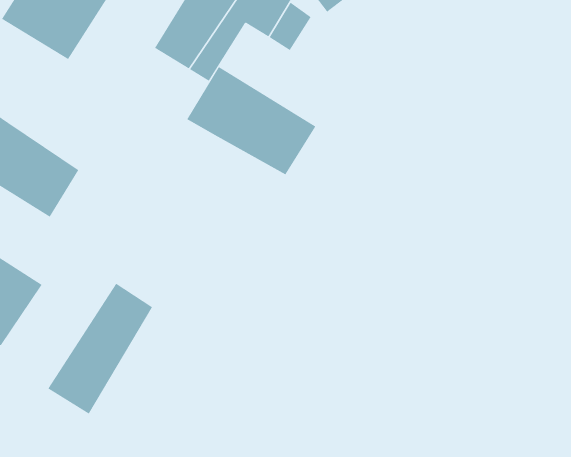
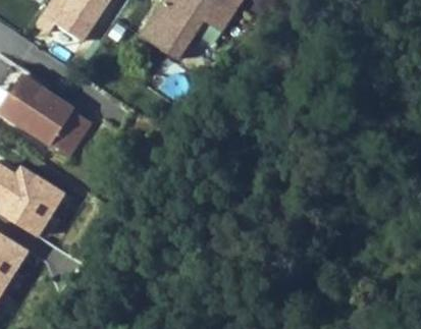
building: [187,66,316,175] -> none
building: [48,283,153,414] -> none

